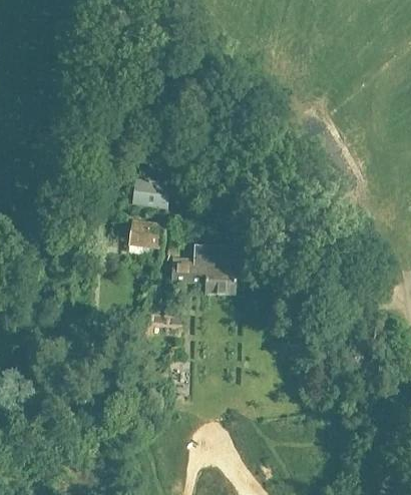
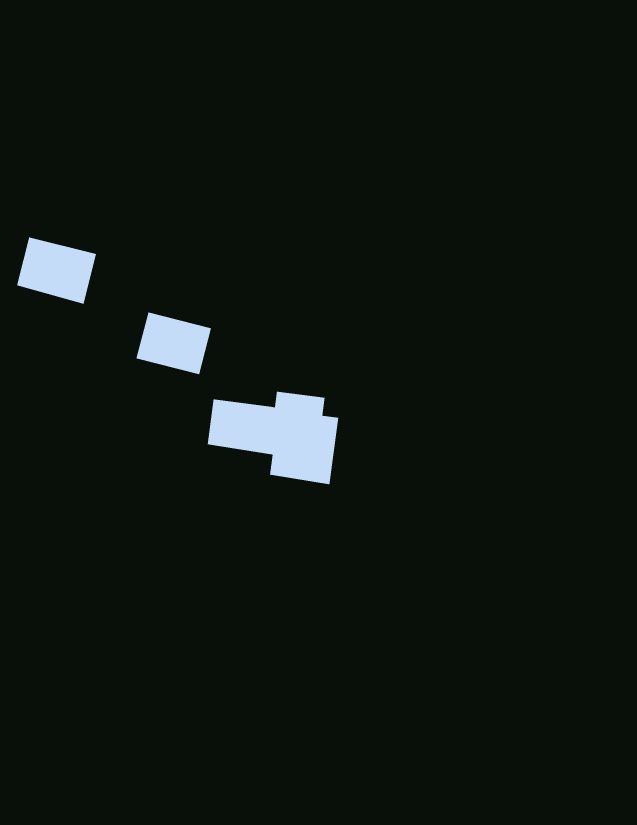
building: [133,178,171,208] -> [16,237,97,305]

